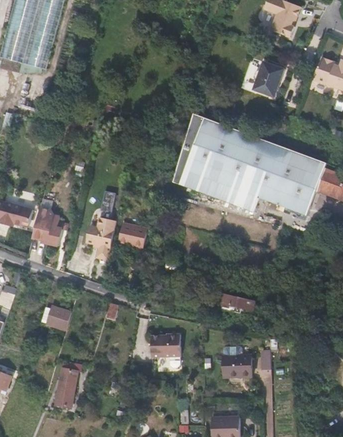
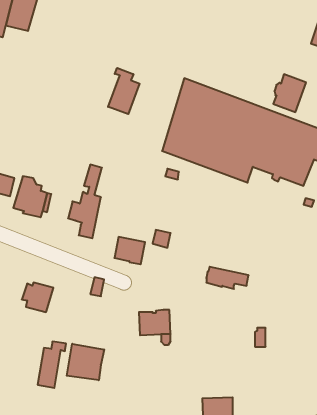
building: [252,60,283,96] -> [273,74,306,112]
building: none -> [108,68,140,114]
building: [117,227,146,253] -> [114,237,145,264]
building: [222,353,251,376] -> none
building: none -> [67,344,104,380]

